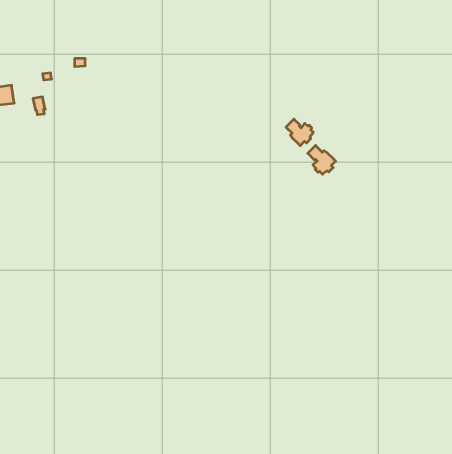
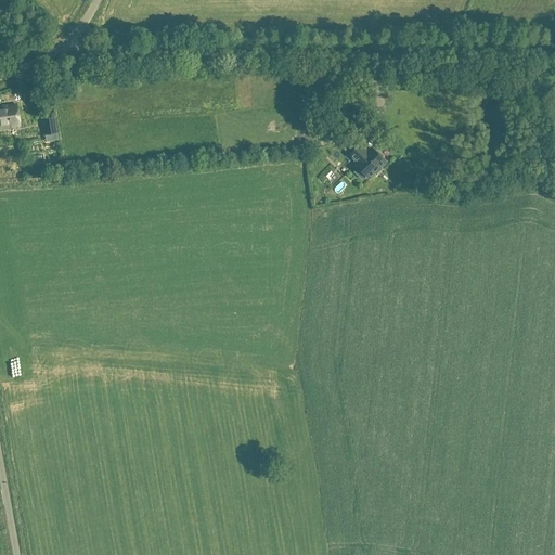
building: [308,145,336,174] -> none

